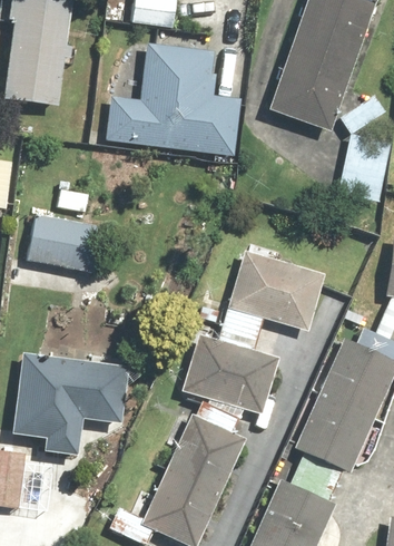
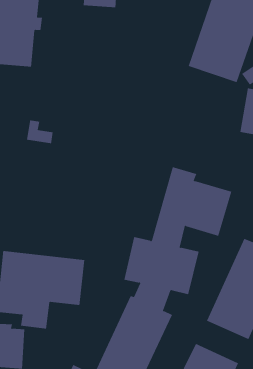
building: [108,43,243,157] -> none
building: [24,216,104,274] -> none

